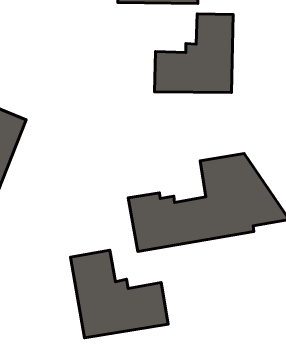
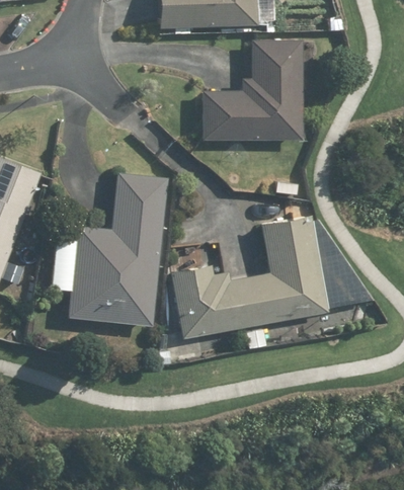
building: none -> [68,173,165,328]
building: [71,250,168,338] -> none

